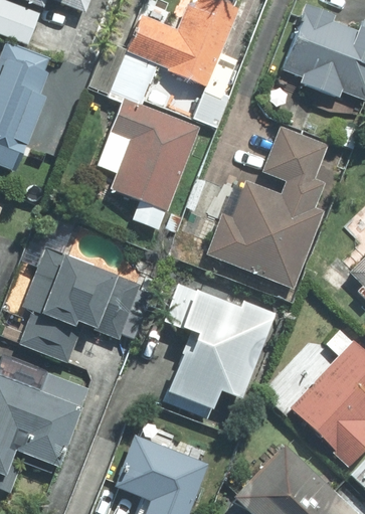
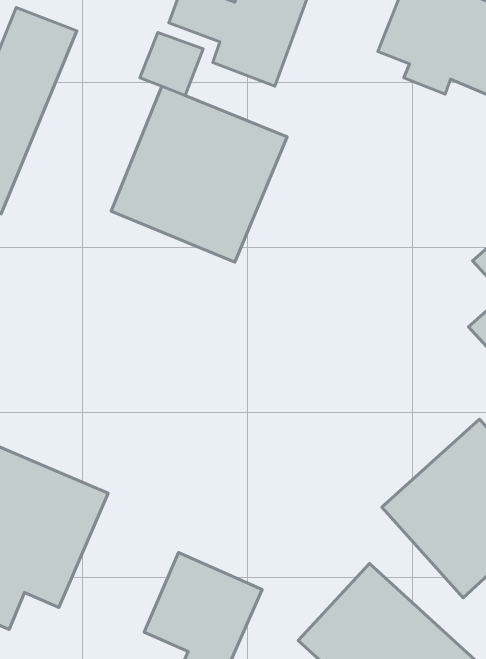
building: [204,114,345,277] -> none
building: [9,229,140,354] -> none
building: [166,275,268,402] -> none

